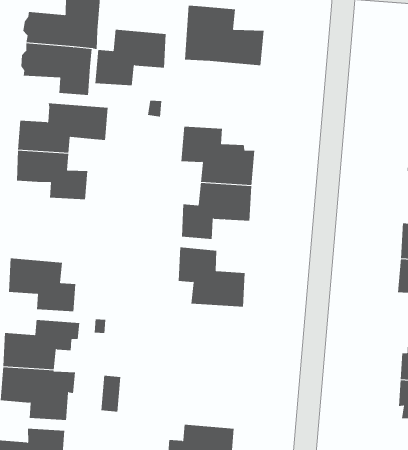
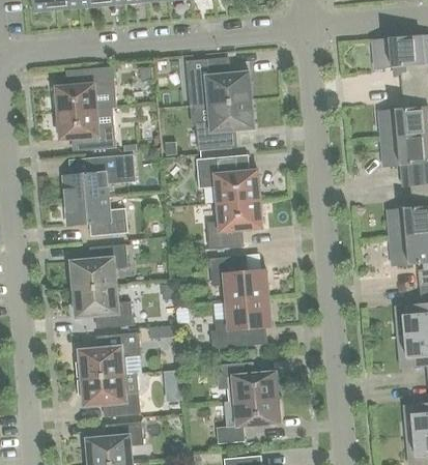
building: [95,29,167,86] -> [197,100,254,150]
building: none -> [70,244,126,289]
building: none -> [210,298,270,348]
building: none -> [216,362,277,401]

